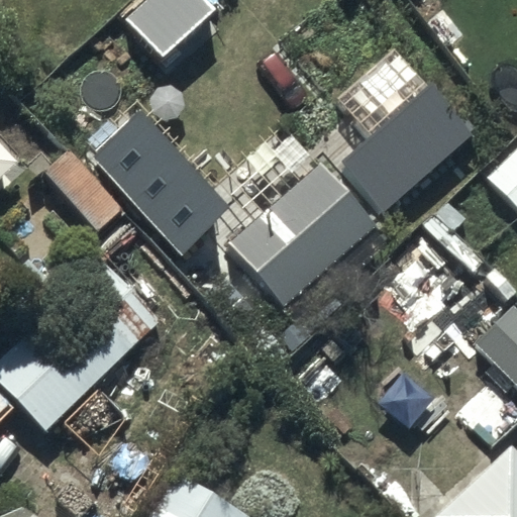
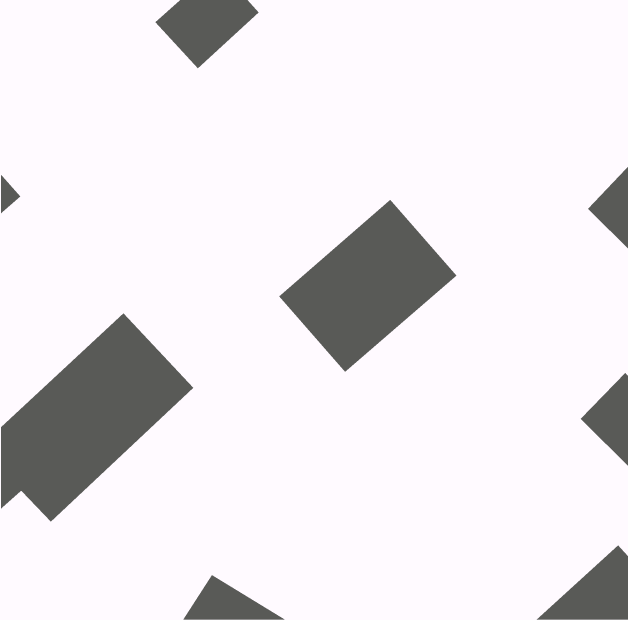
building: [341,85,474,211] -> none
building: [92,119,227,258] -> none

